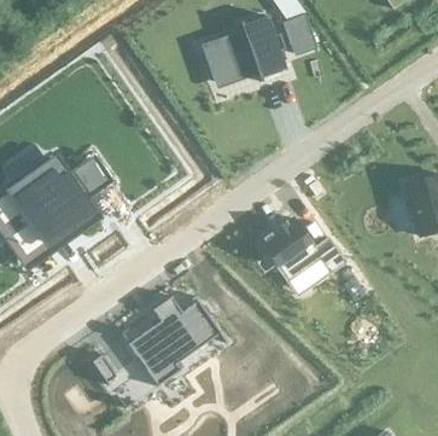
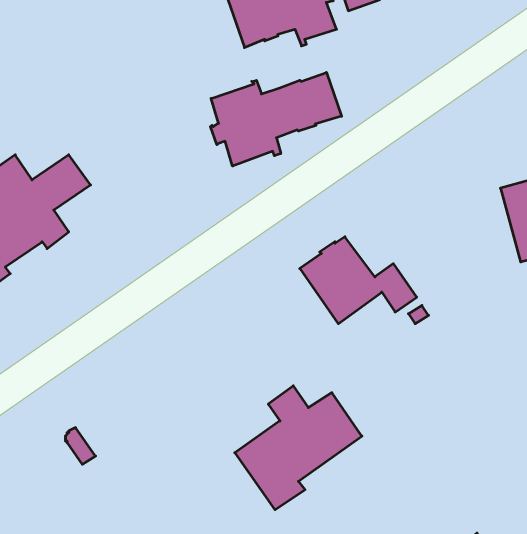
building: none -> [210,72,342,166]
building: [125,295,217,384] -> [235,386,362,510]

